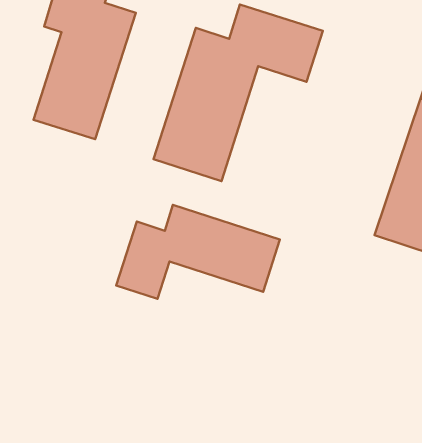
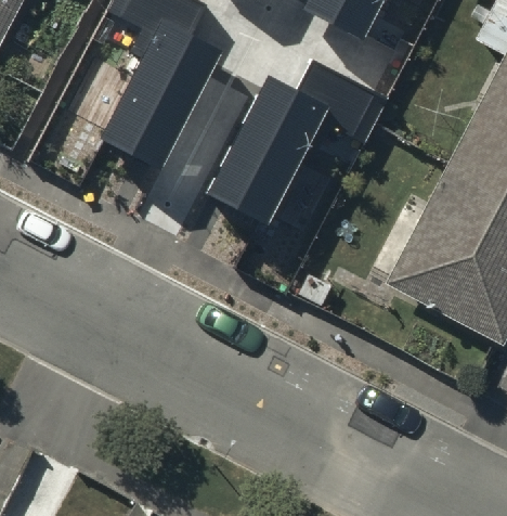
building: [116,205,280,299] -> none

